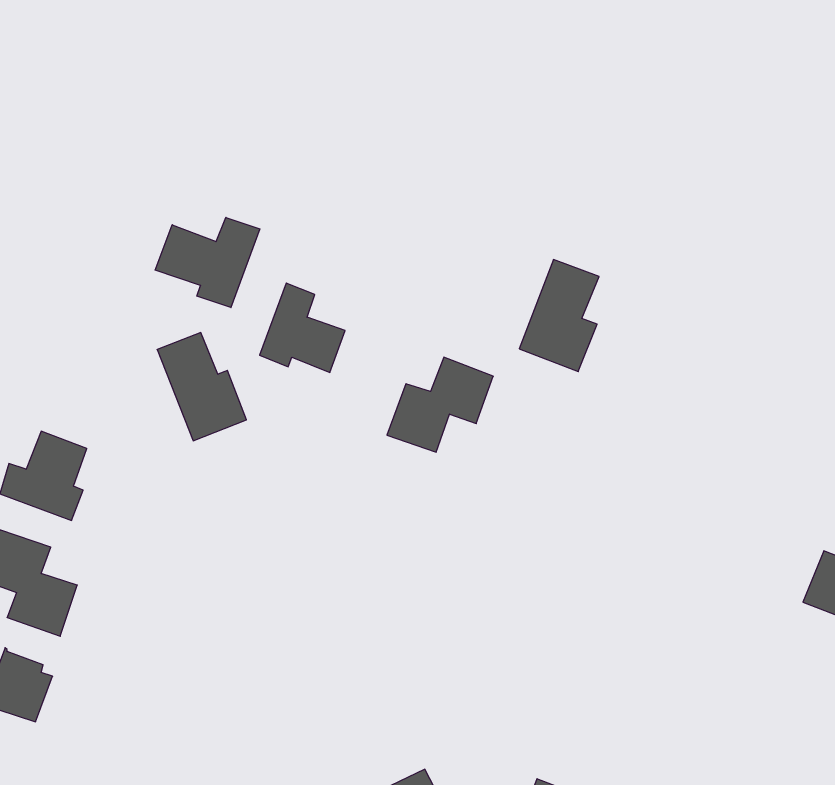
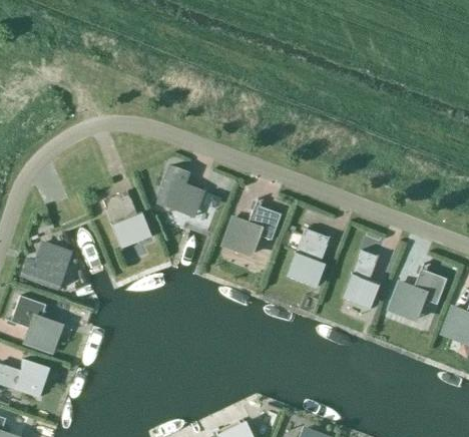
building: [155,217,260,308] -> none
building: [519,260,599,372] -> [287,229,329,288]
building: none -> [343,250,381,308]
building: none -> [392,269,449,320]

